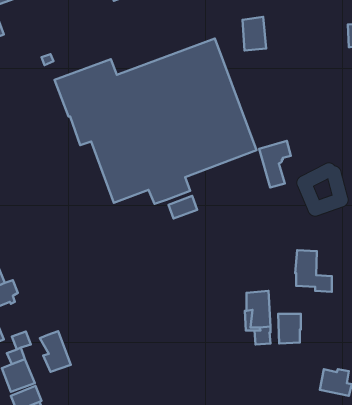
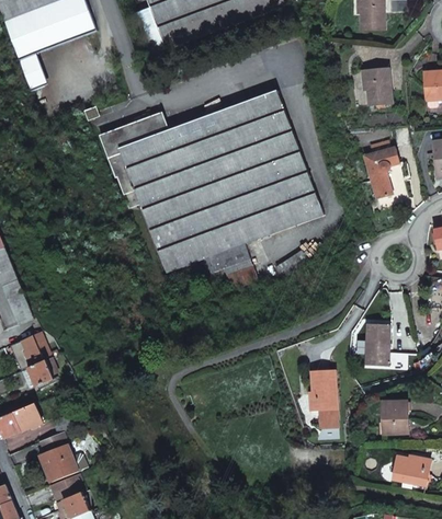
building: [242,17,266,50] -> [365,68,392,105]
building: [259,141,291,187] -> [364,147,399,198]
building: [278,314,301,343] -> [382,401,407,434]
building: [40,331,71,372] -> none

